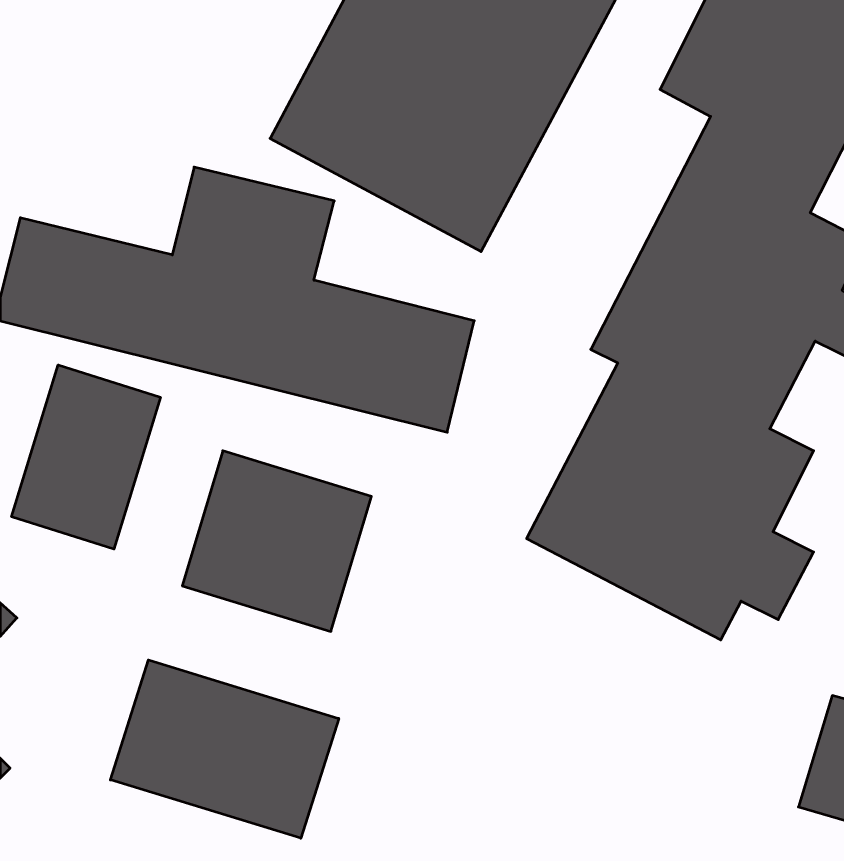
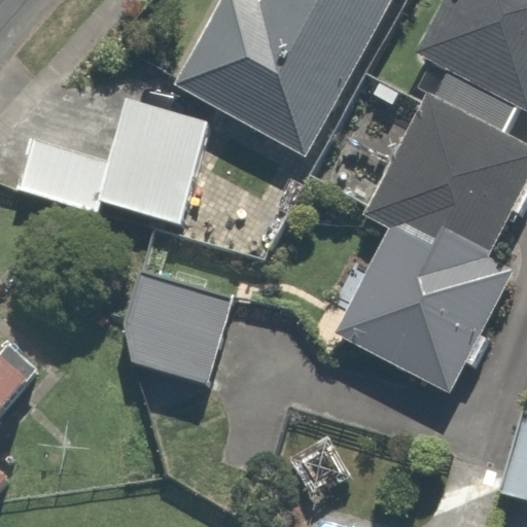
building: [12,365,160,549] -> none
building: [110,660,339,838] -> none

